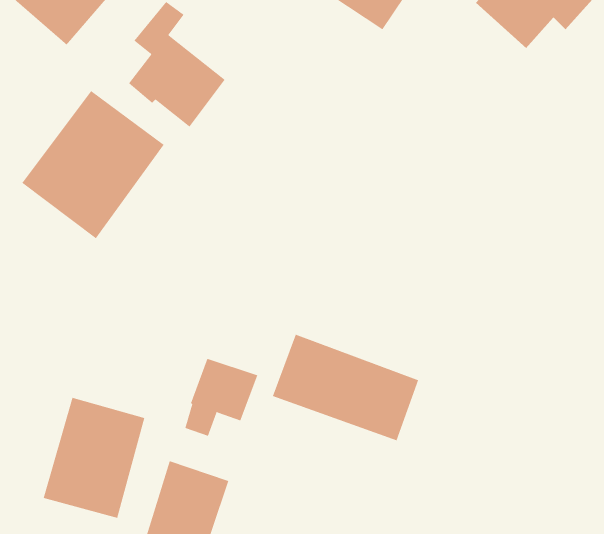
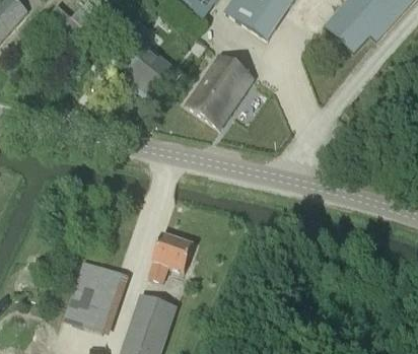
building: none -> [186,55,252,127]
building: [21,90,165,239] -> none
building: [272,334,419,441] -> none

